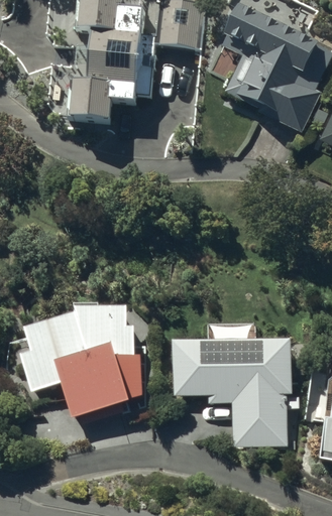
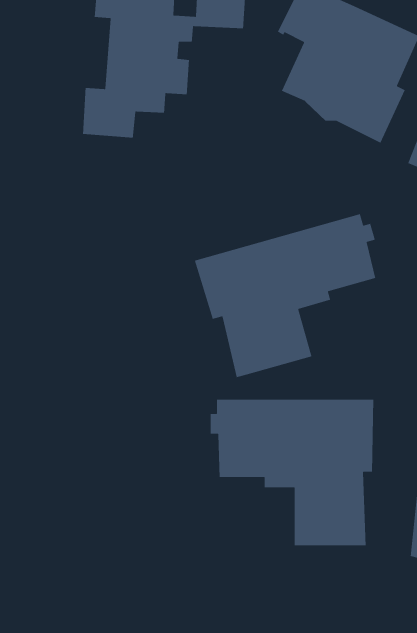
building: none -> [194,213,376,378]
building: [19,299,141,423] -> none

